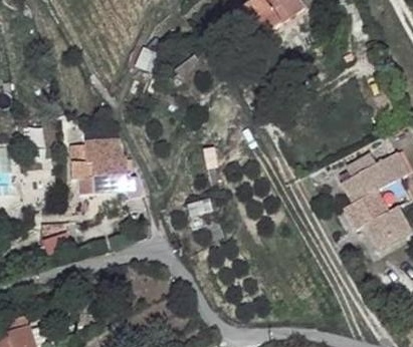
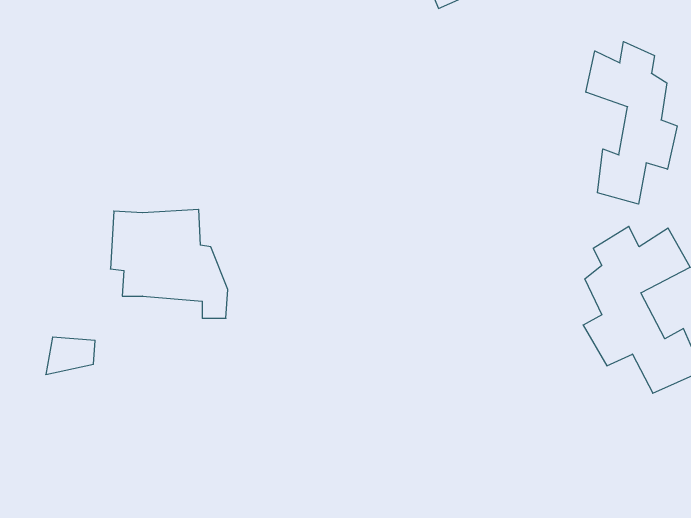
building: none -> [586,42,677,204]

